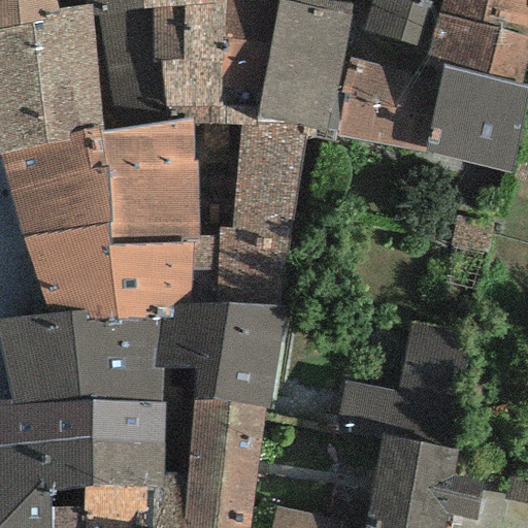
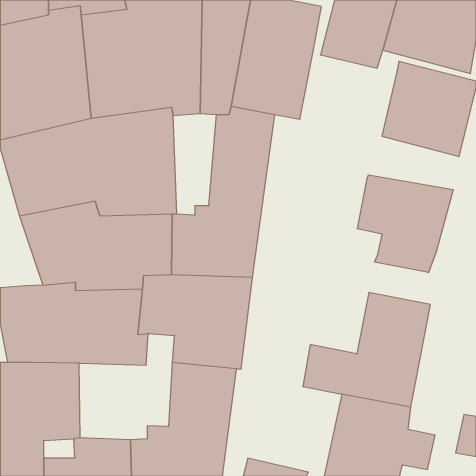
building: [332,59,439,151] -> none
building: none -> [358,175,453,273]
building: [88,402,163,487] -> none

